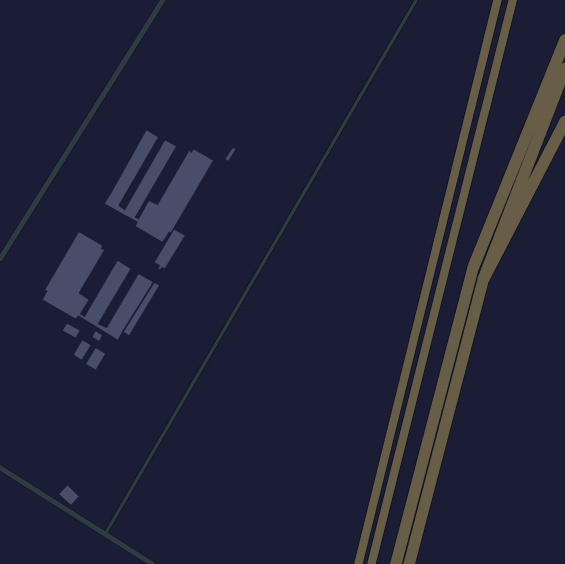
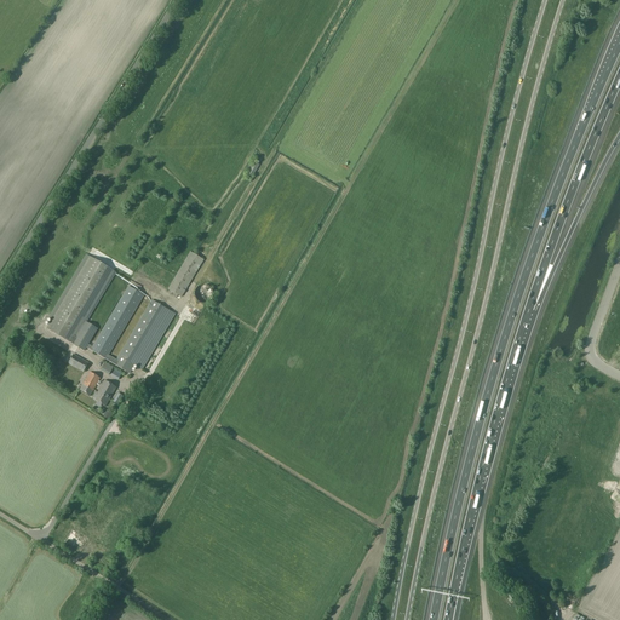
building: [104,129,214,243] -> none

